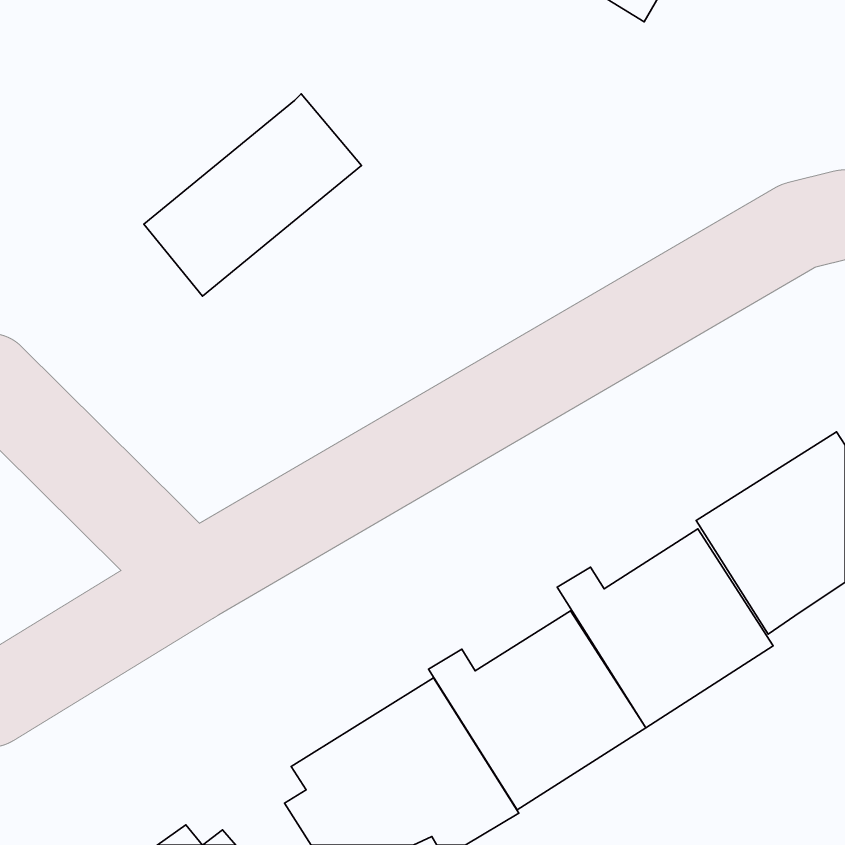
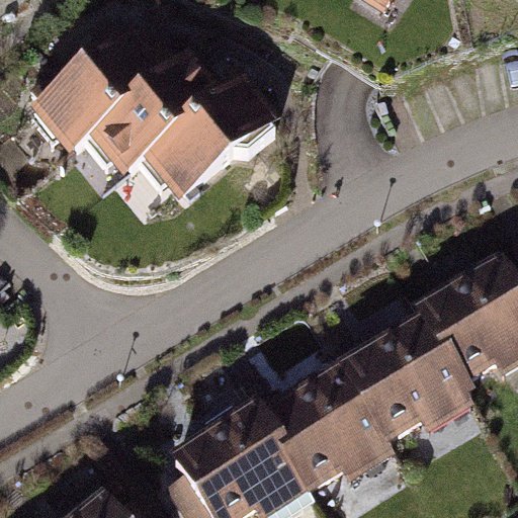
building: none -> [23,24,178,153]
building: none -> [143,83,282,205]

